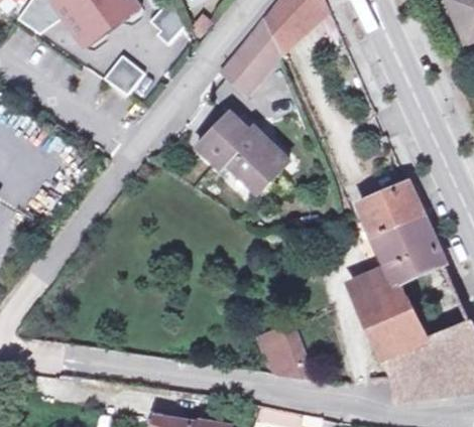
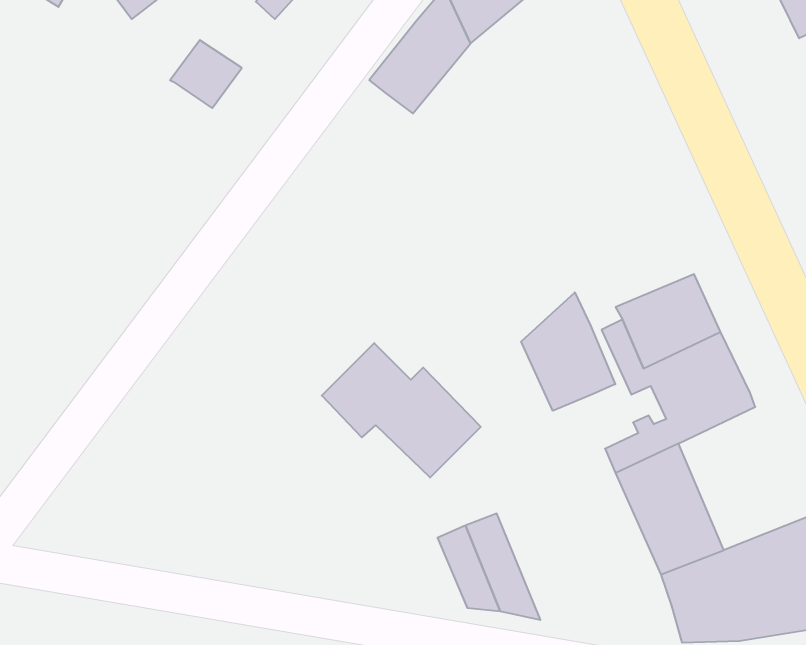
building: [197,113,288,190] -> [322,343,481,478]
building: none -> [521,292,615,411]

